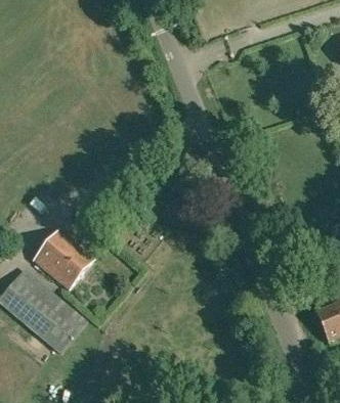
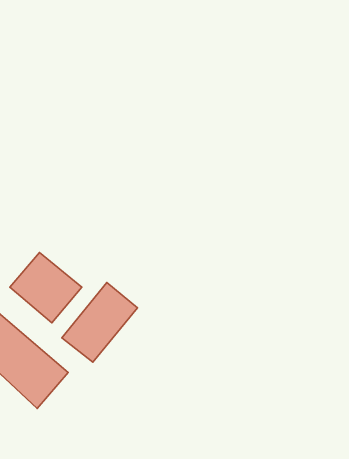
building: none -> [62,283,138,362]

